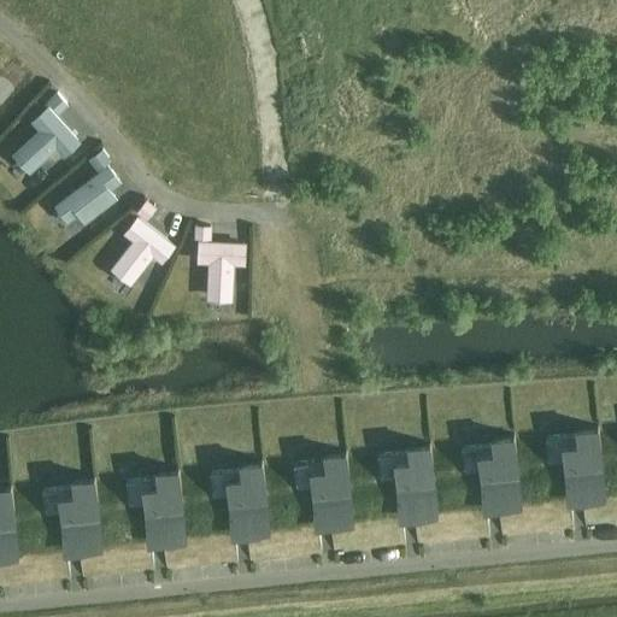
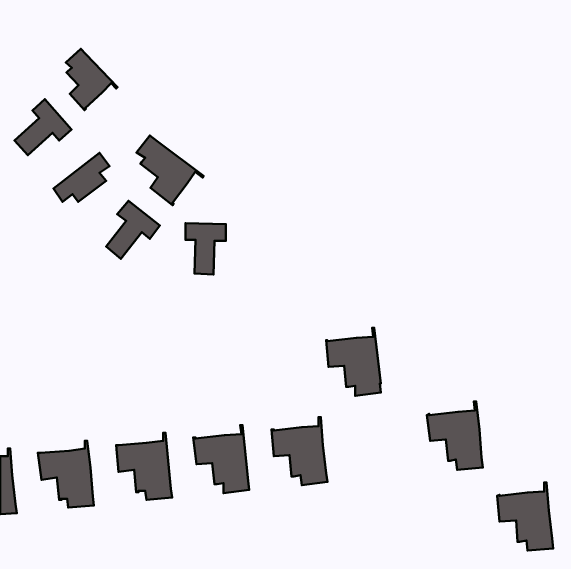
building: none -> [66,49,117,110]
building: none -> [136,135,203,205]
building: [545,427,605,500] -> [497,483,553,551]
building: [377,443,436,517] -> [326,328,381,396]

